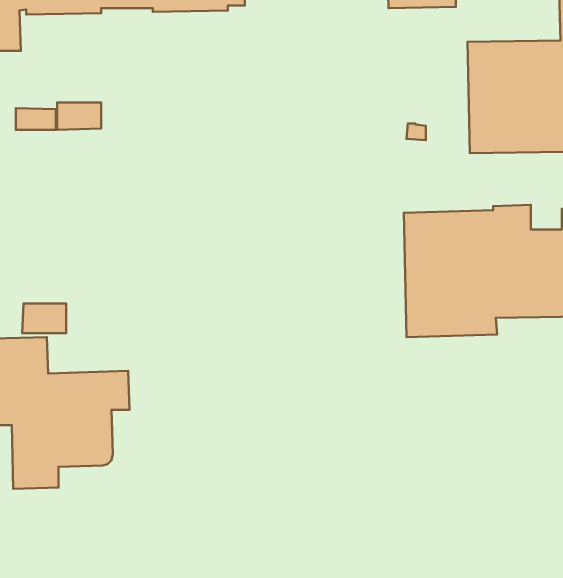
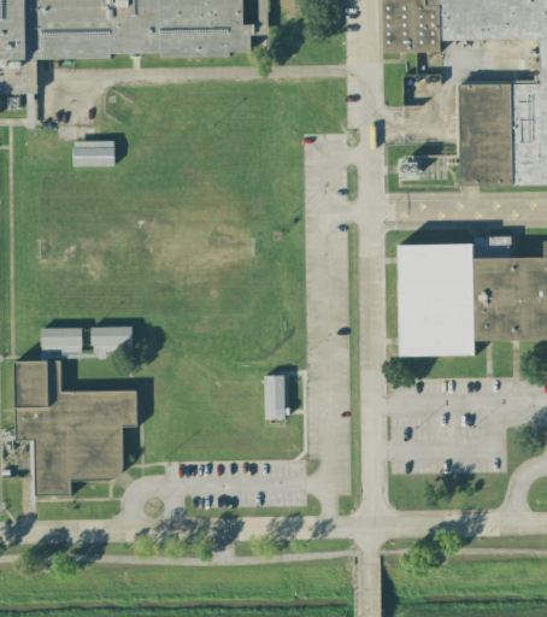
building: [16,108,56,130] -> none
building: none -> [92,325,133,358]
building: none -> [264,375,286,418]

